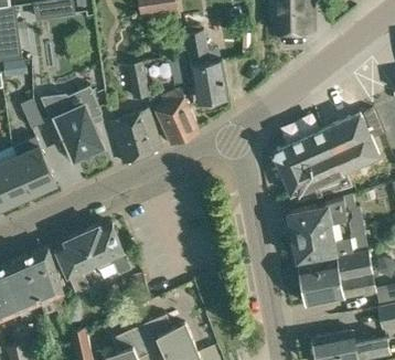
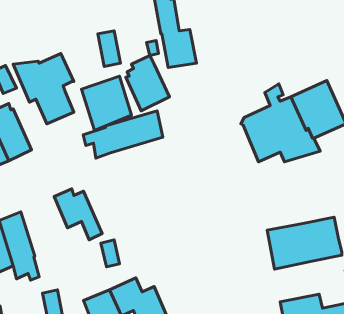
building: none -> [83,111,163,158]
building: [288,194,367,261] -> none
building: [56,232,96,295] -> none

